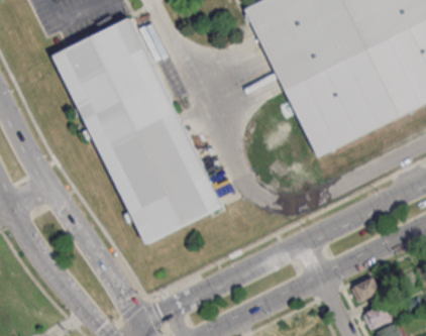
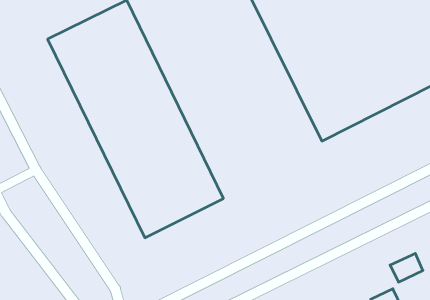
building: [350,275,382,303] -> [390,253,423,282]

